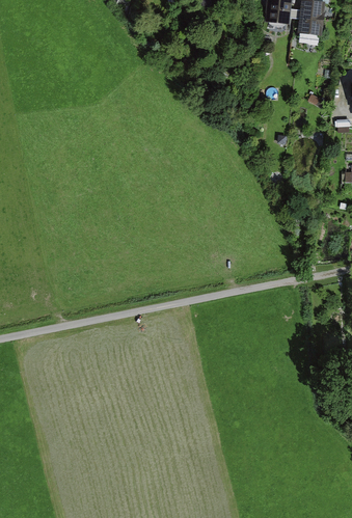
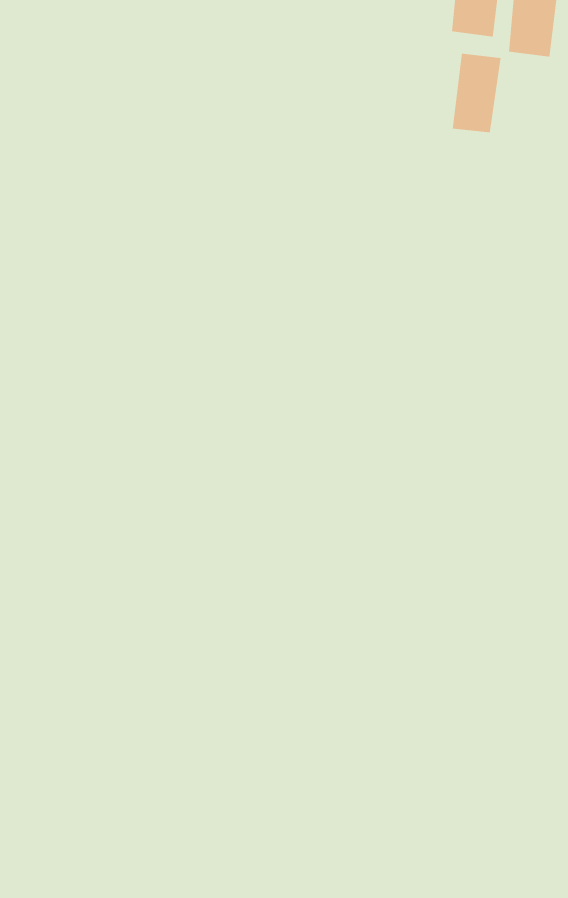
building: none -> [452,53,501,133]

